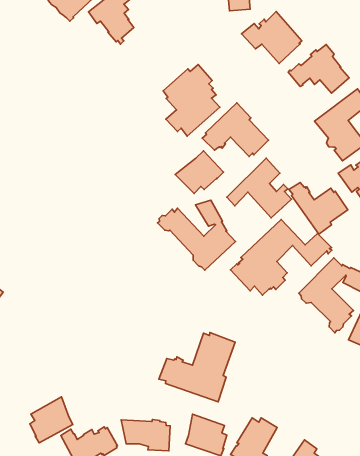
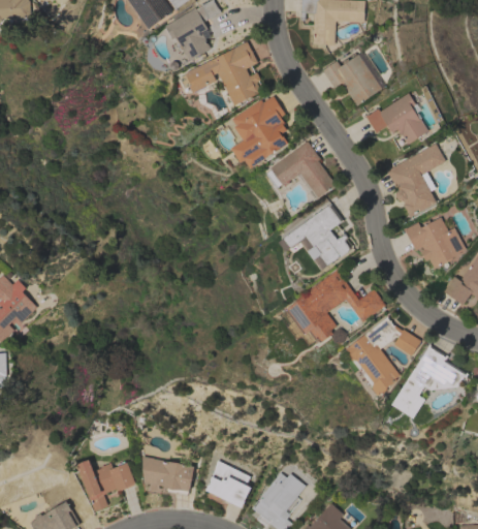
building: none -> [180,41,261,106]
building: [175,151,224,193] -> none
building: [289,182,348,234] -> none
building: [157,200,235,270] -> none
building: [159,333,235,402] -> none
building: [30,397,73,443] -> none

